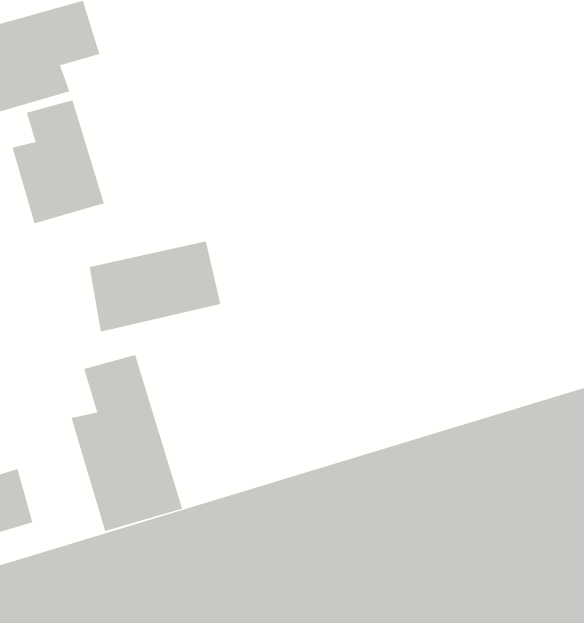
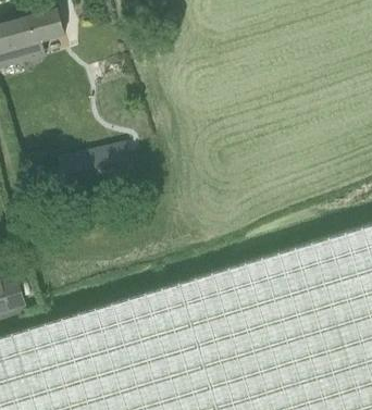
building: [12,100,104,224] -> none
building: [71,354,183,532] -> none

